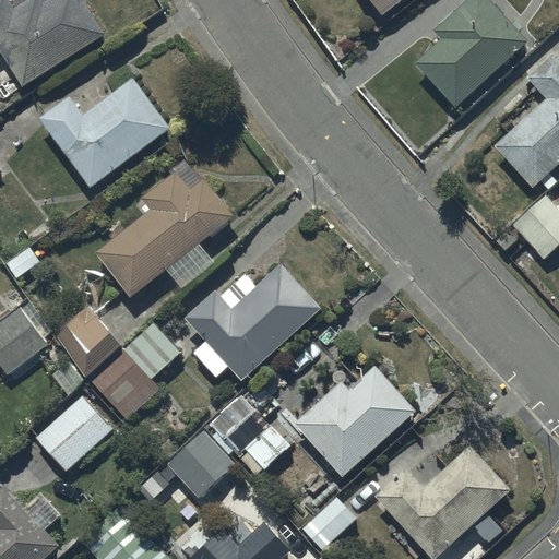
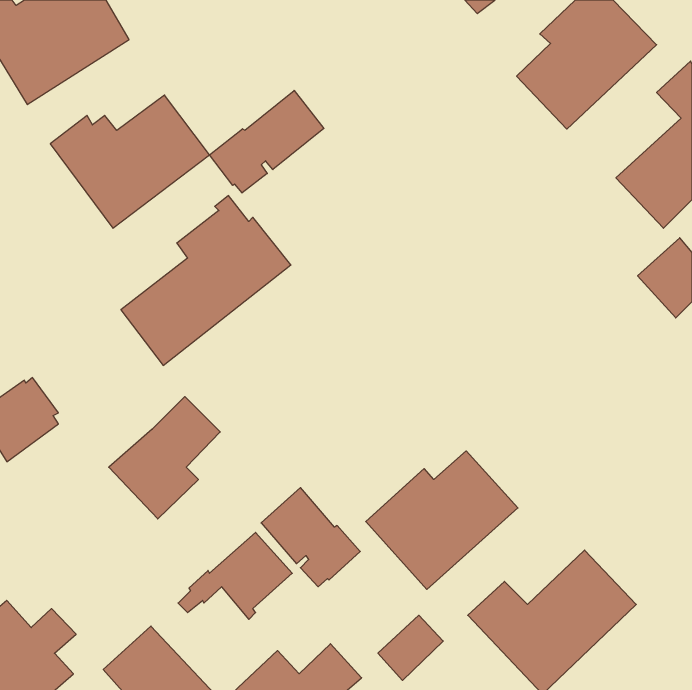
building: none -> [209,90,324,193]
building: [187,264,321,380] -> none
building: [57,305,122,379] -> none
building: [36,396,112,472] -> none

